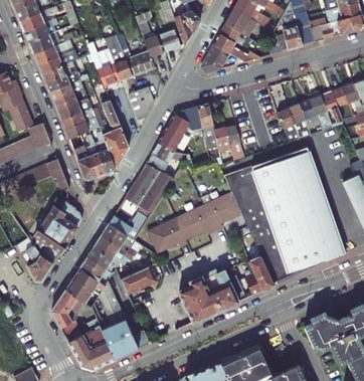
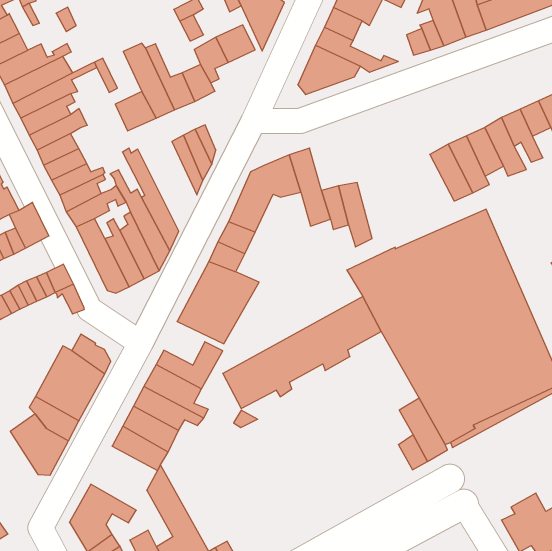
building: [120,265,156,294] -> none
building: [65,267,105,306] -> none
building: [178,269,245,322] -> none

